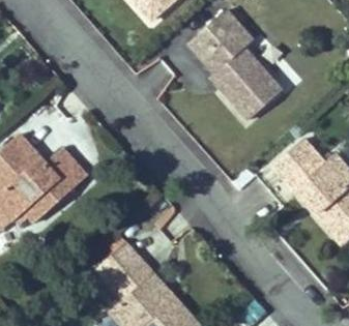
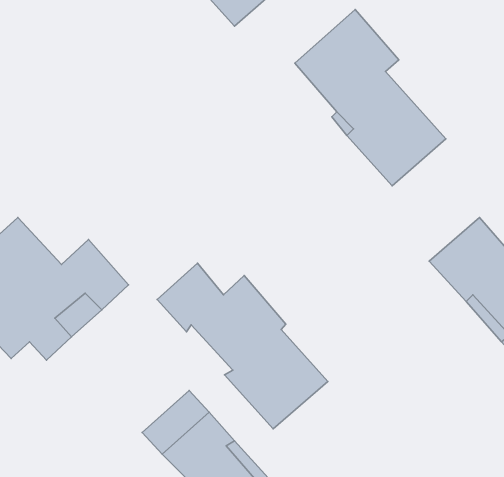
building: none -> [157,263,328,429]

